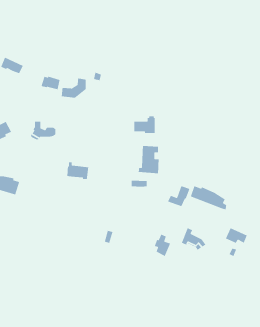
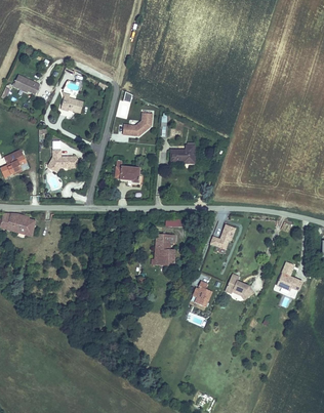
building: [61,77,86,98] -> [123,112,153,136]
building: [138,145,160,174] -> [152,233,177,266]
building: [66,161,89,180] -> [116,160,143,181]
building: [190,185,227,211] -> none

